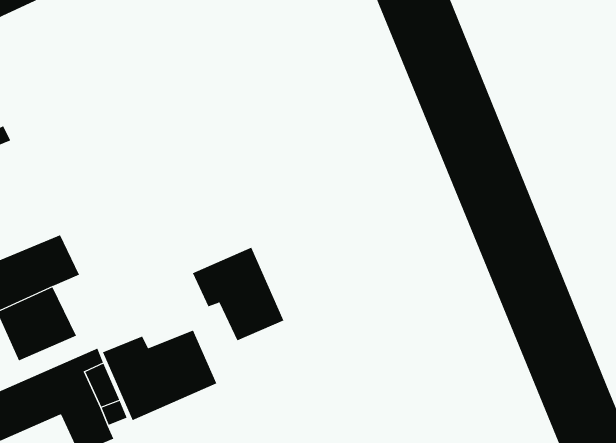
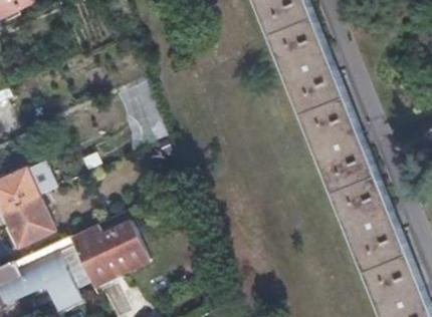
building: [192,247,284,341] -> none

